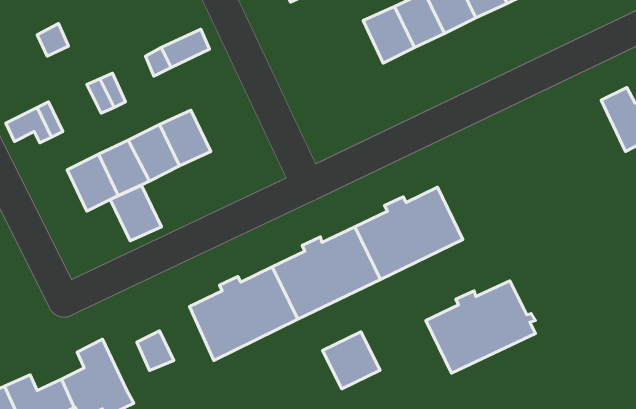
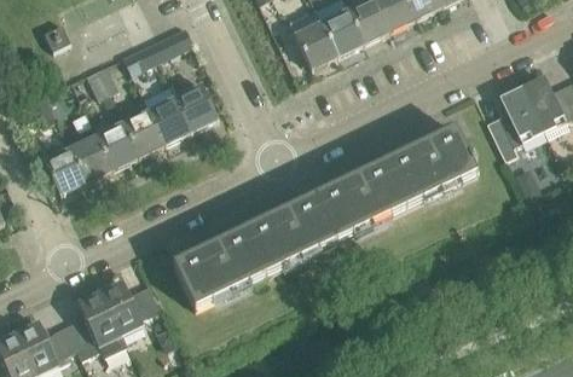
building: none -> [295,19,338,68]
building: none -> [175,82,219,130]
building: none -> [487,87,544,158]
building: [110,185,161,241] -> [44,146,87,193]
building: [426,281,536,373] -> [384,127,478,205]
building: none -> [100,279,144,333]
building: [323,332,380,389] -> none

